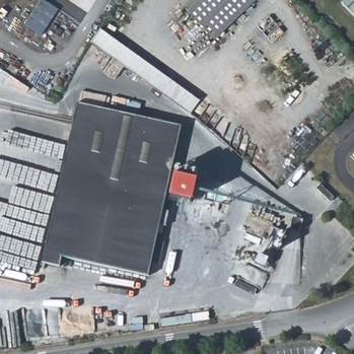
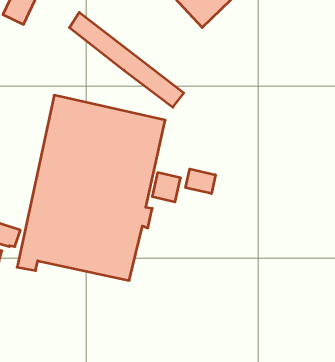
building: none -> [186,169,215,194]

